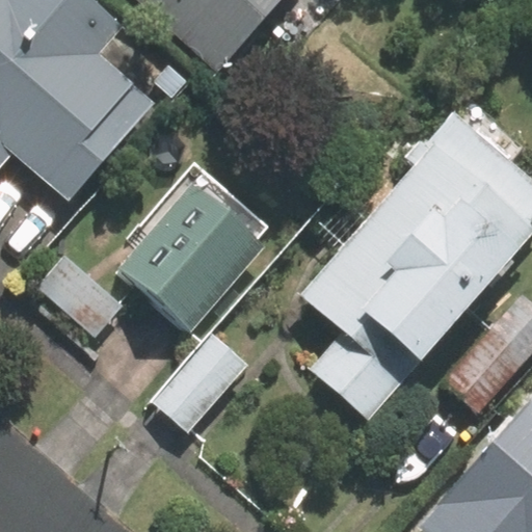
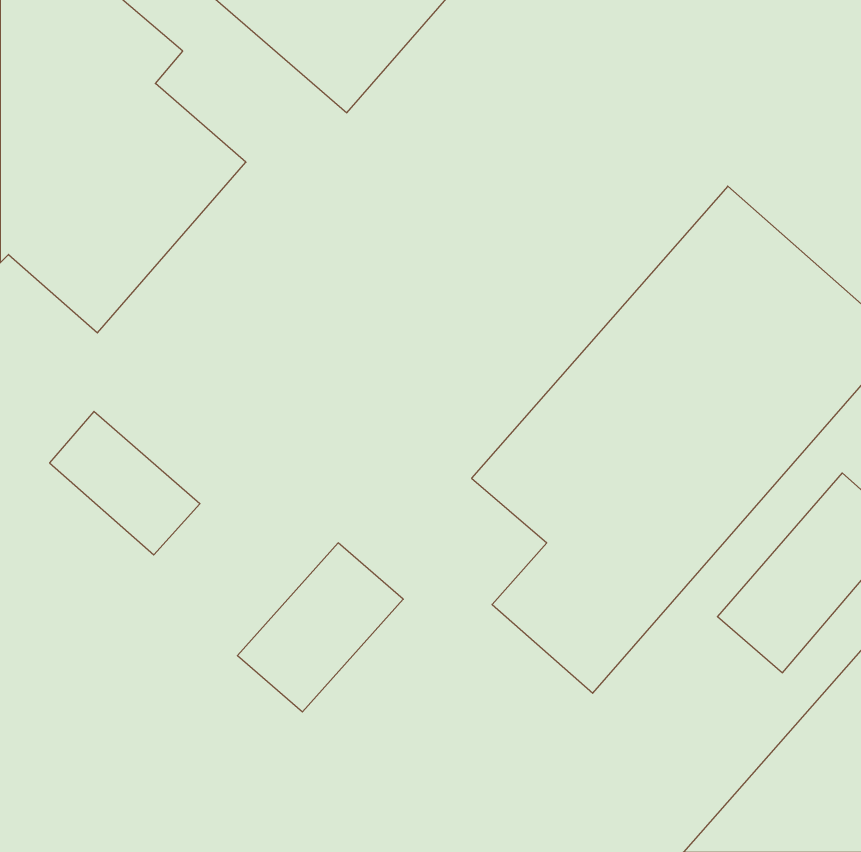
building: [119,182,267,330] -> none

